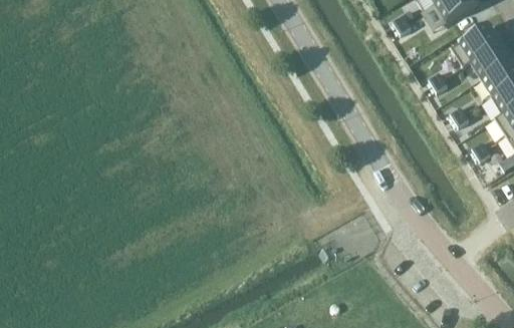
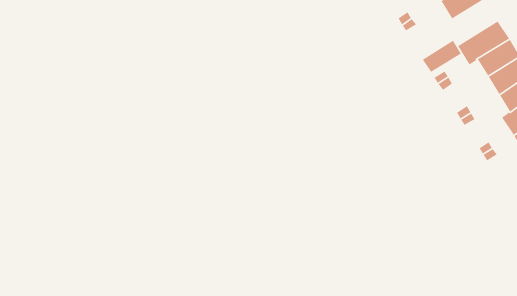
building: none -> [422,39,462,73]

